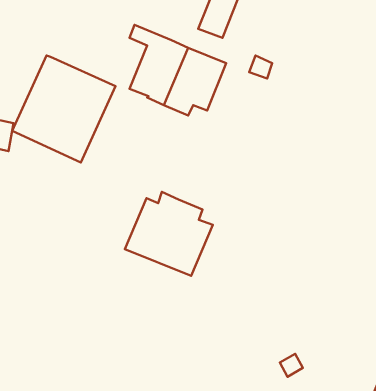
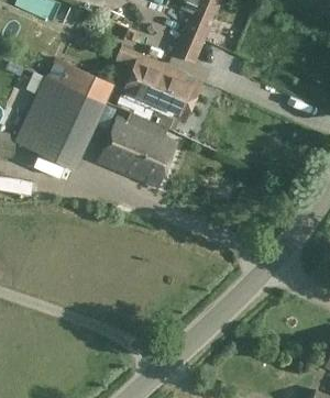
building: none -> [47,57,112,102]
building: [125,192,213,276] -> [99,112,175,185]

